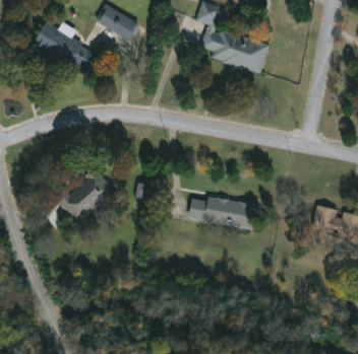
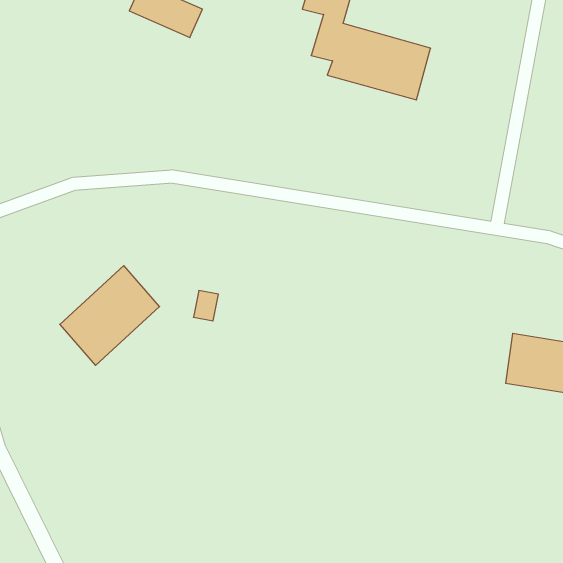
building: [32,21,93,68] -> none
building: [188,197,256,229] -> none

